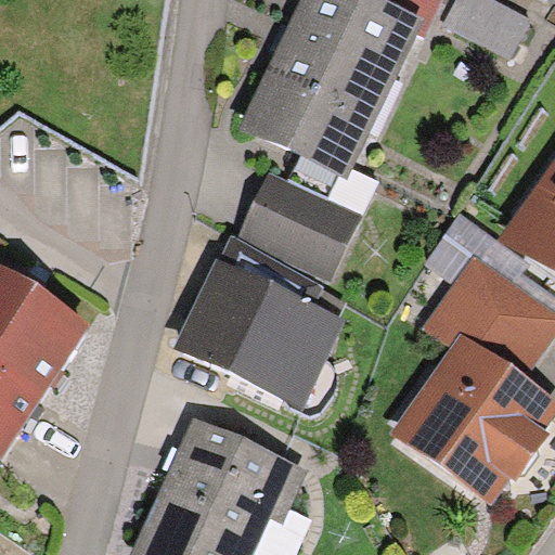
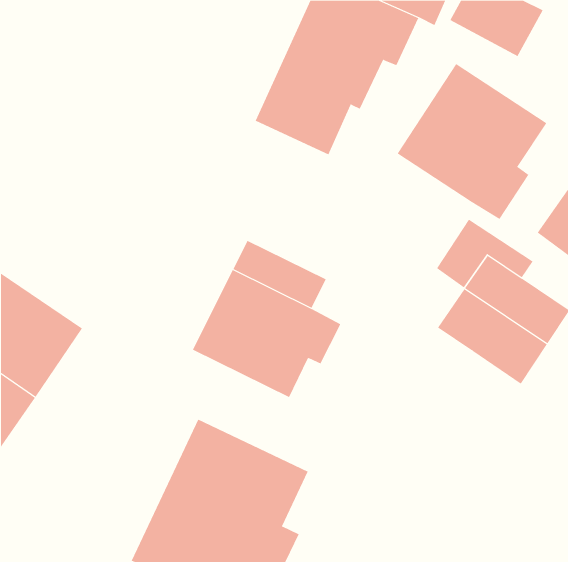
building: none -> [397,63,547,220]
building: [243,176,364,280] -> none
building: [402,349,545,493] -> none

